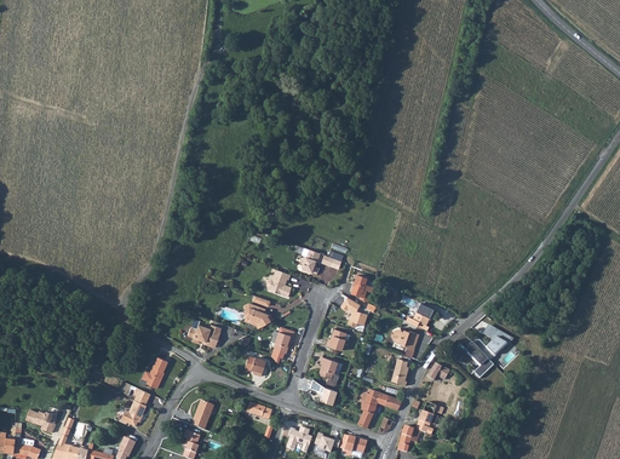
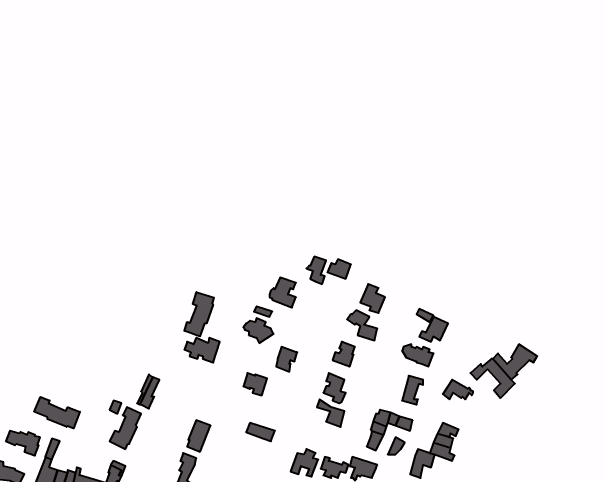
building: none -> [184,292,214,336]
building: none -> [34,397,80,428]

